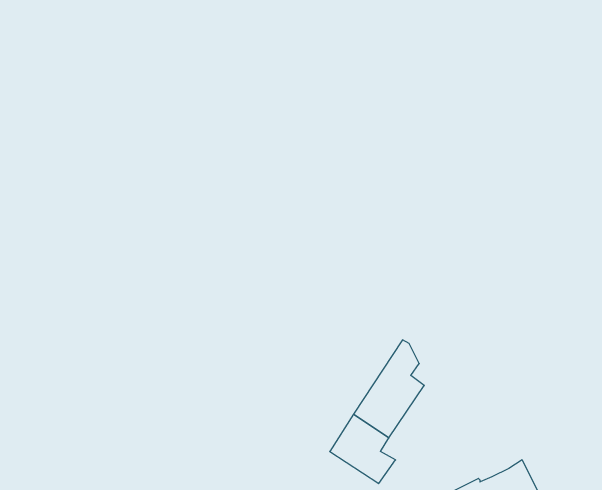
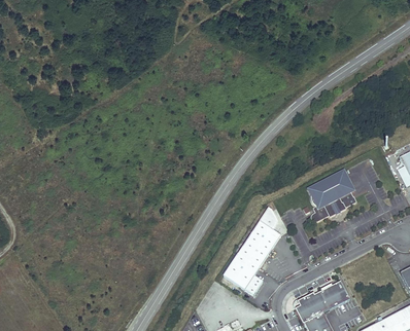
building: none -> [309,172,357,221]

